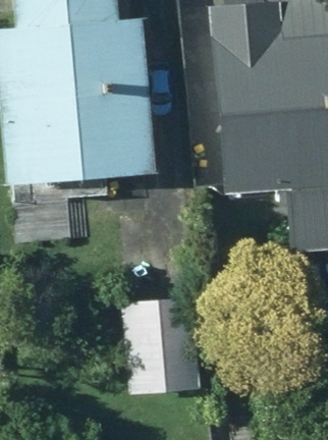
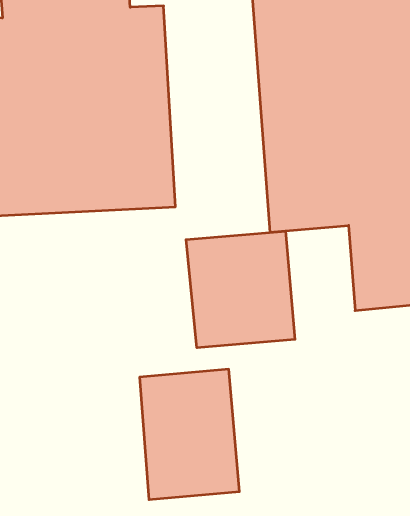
building: none -> [186,231,295,348]

